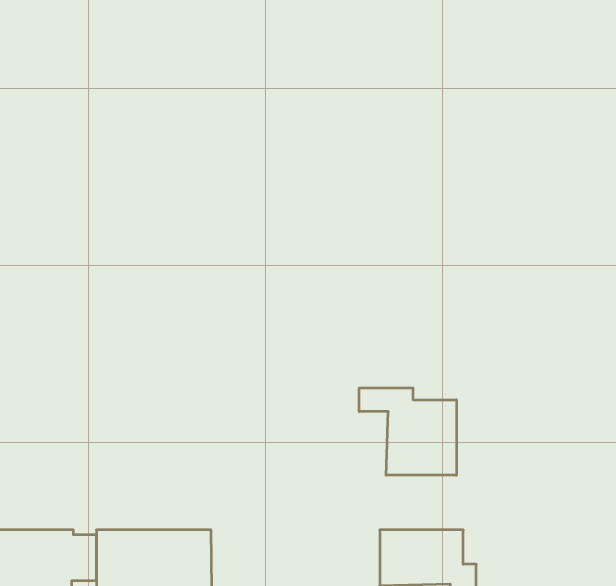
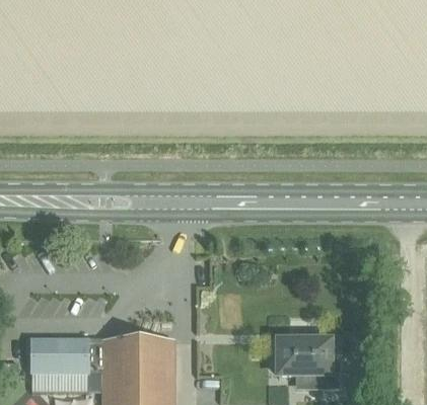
building: [359,388,456,475] -> none

